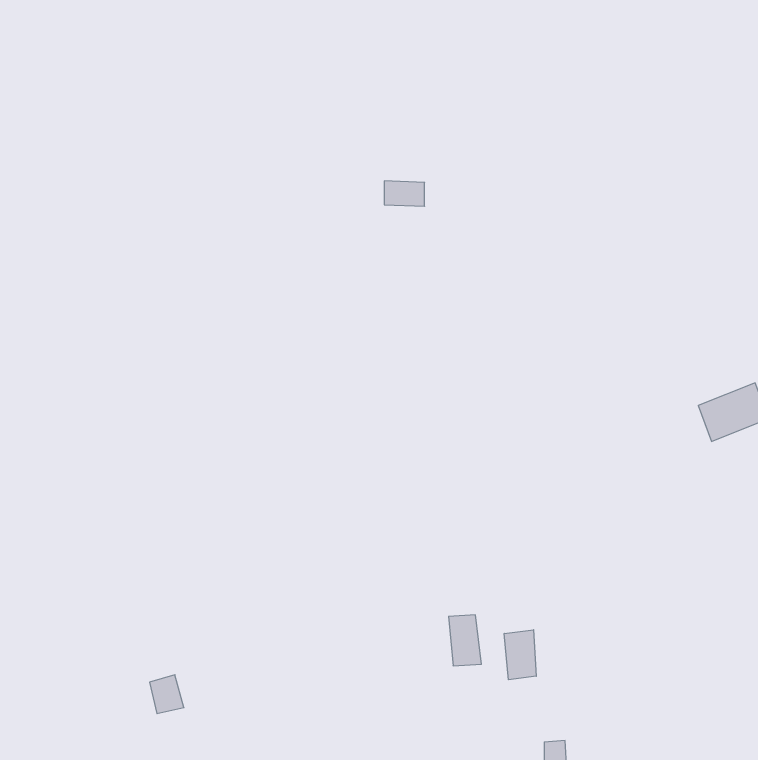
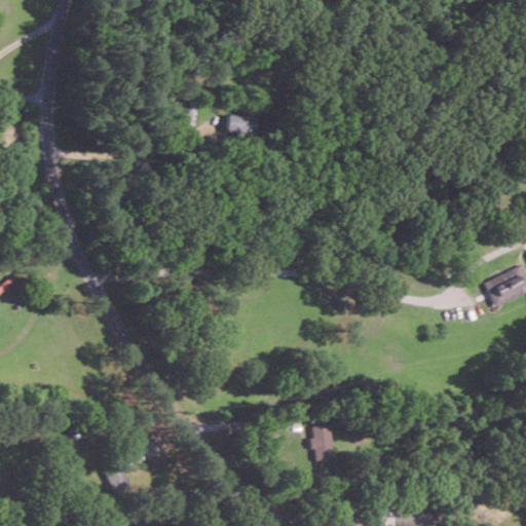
building: [384,181,425,206] -> [227,116,255,134]
building: [504,630,536,680] -> none

